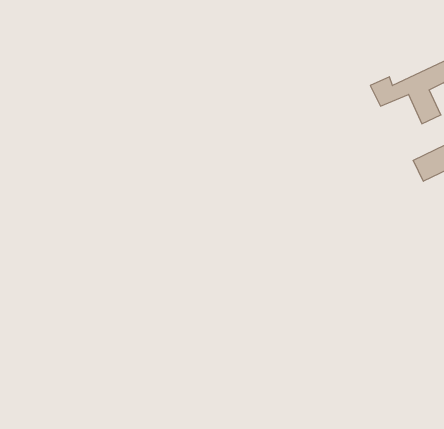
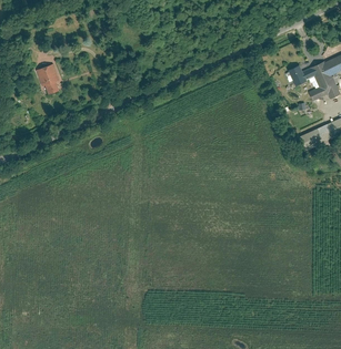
building: none -> [36,63,60,93]

